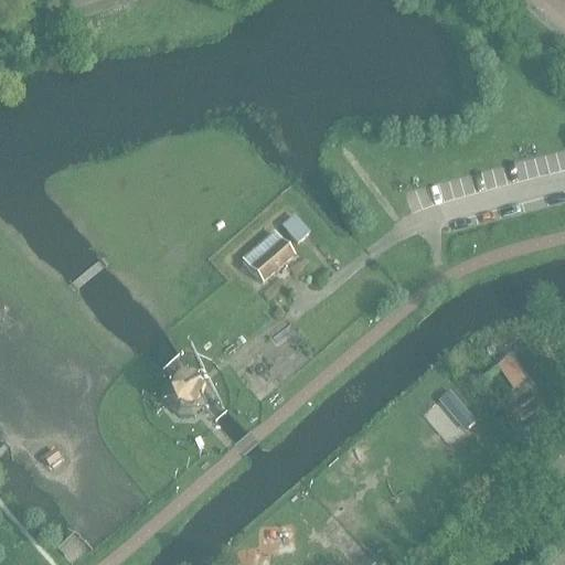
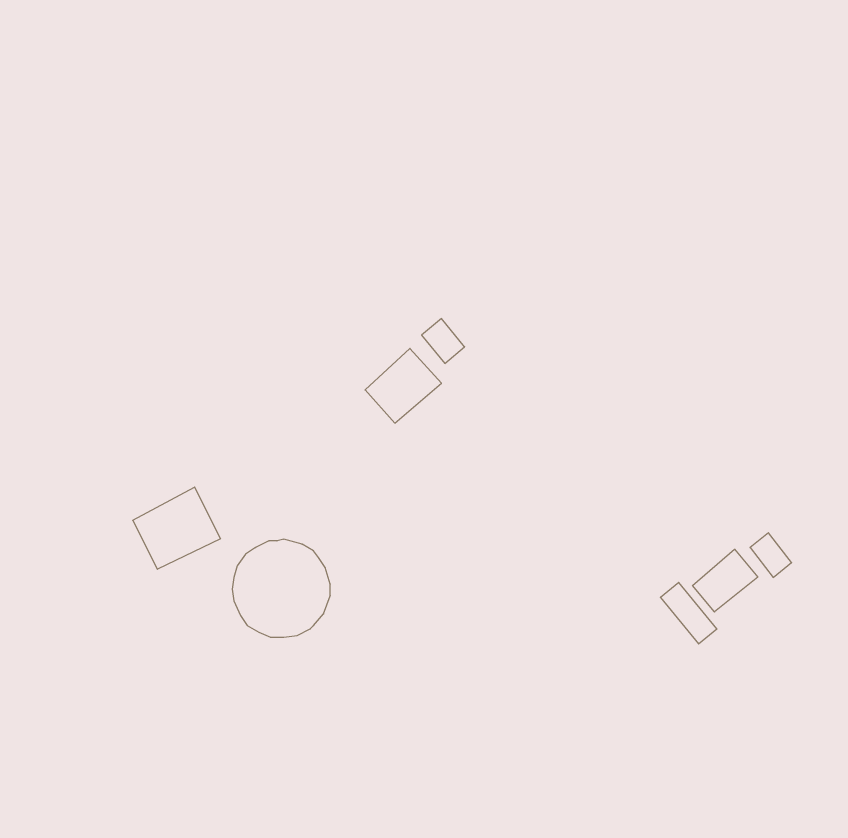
building: none -> [133,487,220,569]
building: none -> [693,549,758,612]

